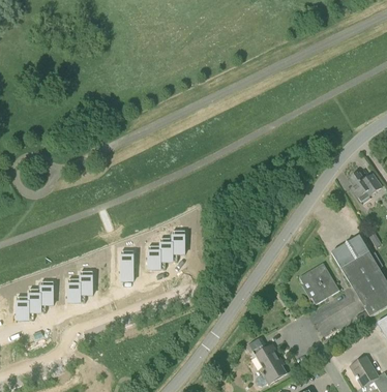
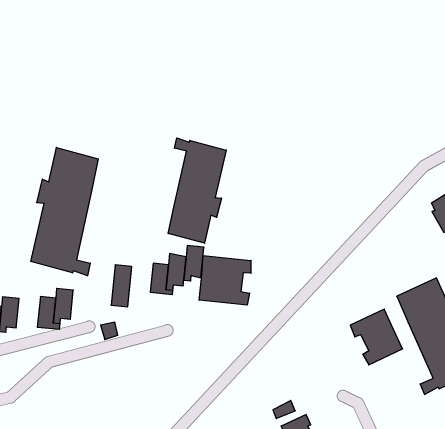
building: none -> [168,138,226,243]
building: none -> [31,147,98,276]
building: none -> [199,256,251,305]

